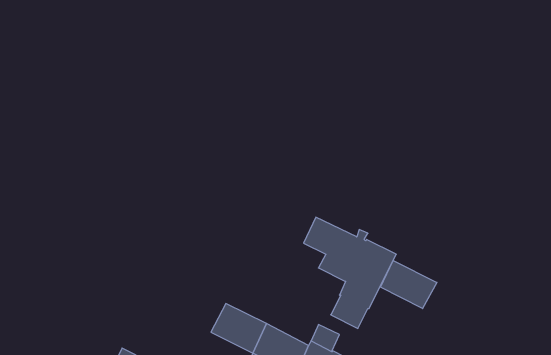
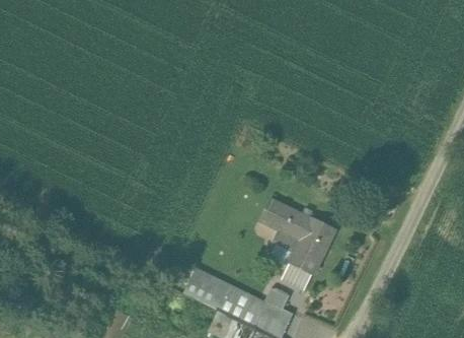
building: [381,261,437,309] -> none

